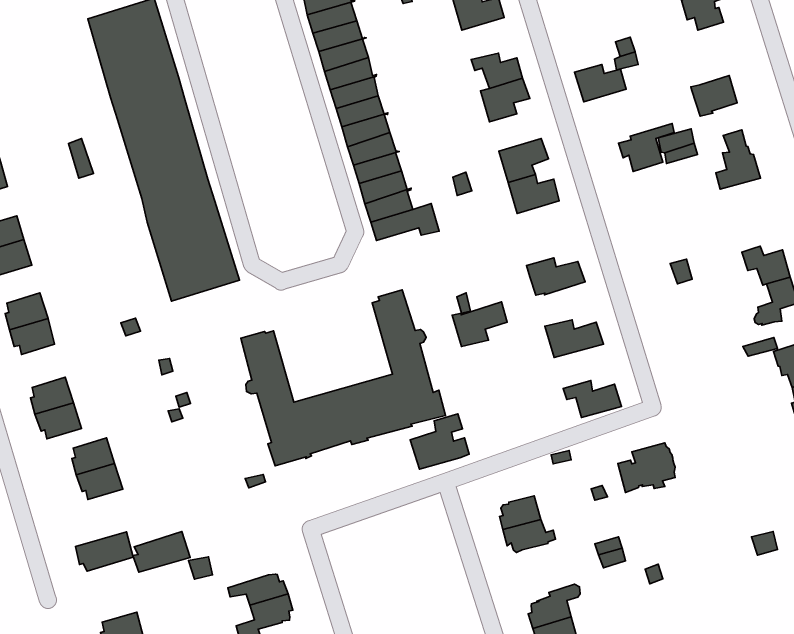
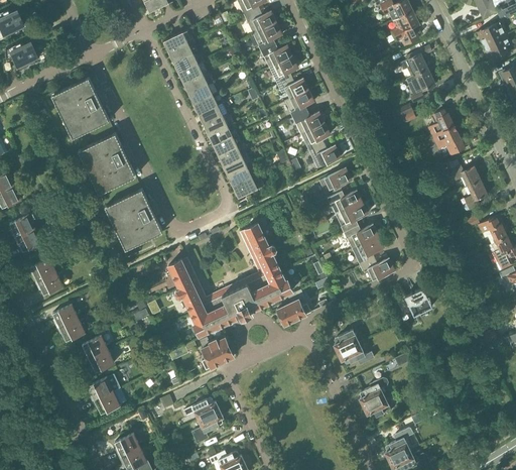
building: none -> [269,56,298,84]
building: [574,64,626,102] -> [293,111,325,134]
building: [618,124,674,172] -> [400,46,431,78]
building: none -> [432,126,466,155]
building: none -> [319,167,352,198]
building: [452,302,507,346] -> [336,202,368,231]
building: none -> [352,236,384,265]
building: none -> [201,334,234,369]
building: [133,532,190,572] -> [88,373,121,400]

